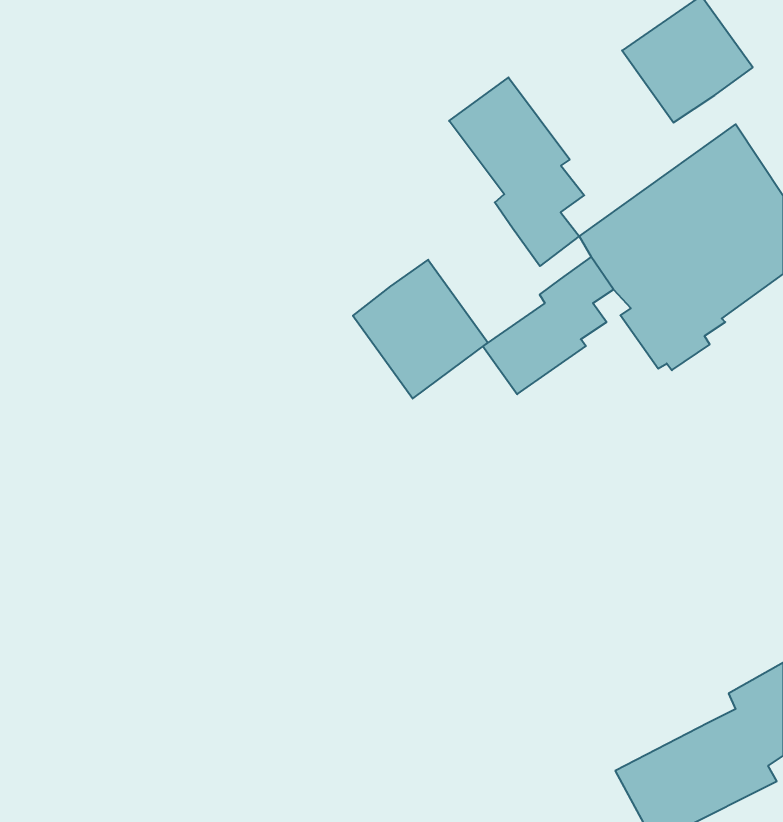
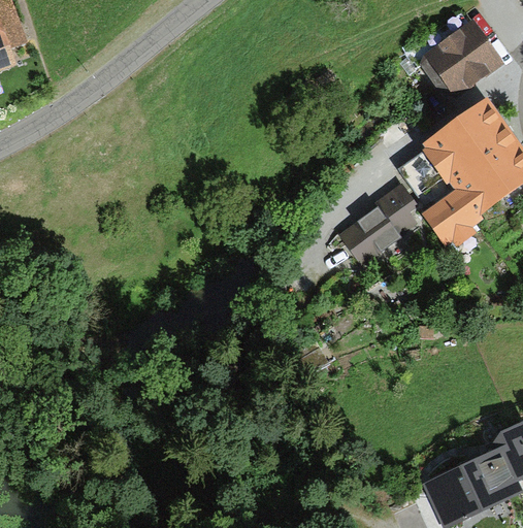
building: [449,77,584,266] -> none
building: [353,260,488,399] -> none

